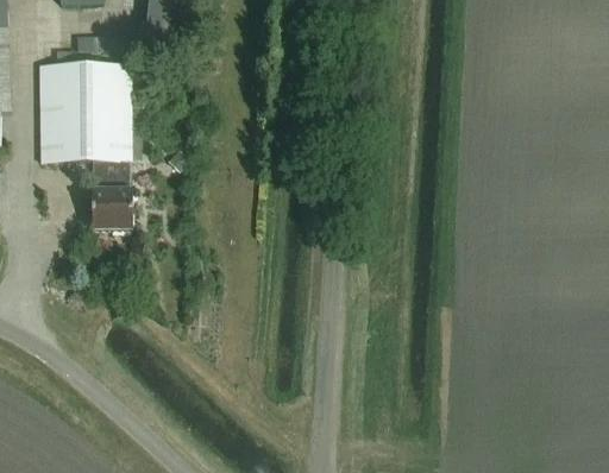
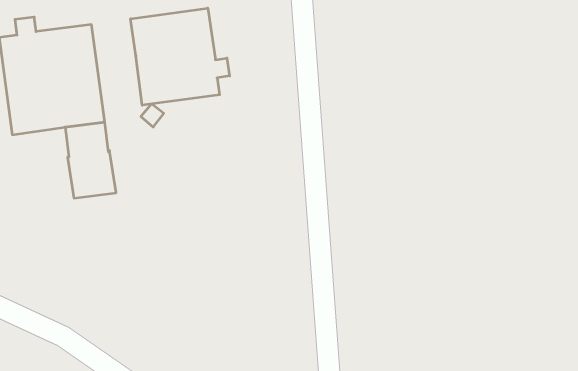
building: none -> [131,8,230,105]

